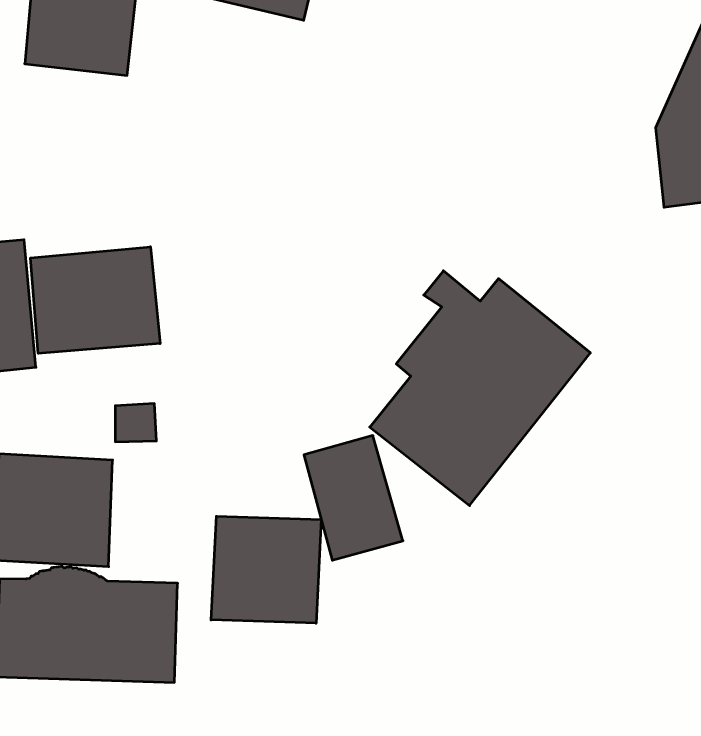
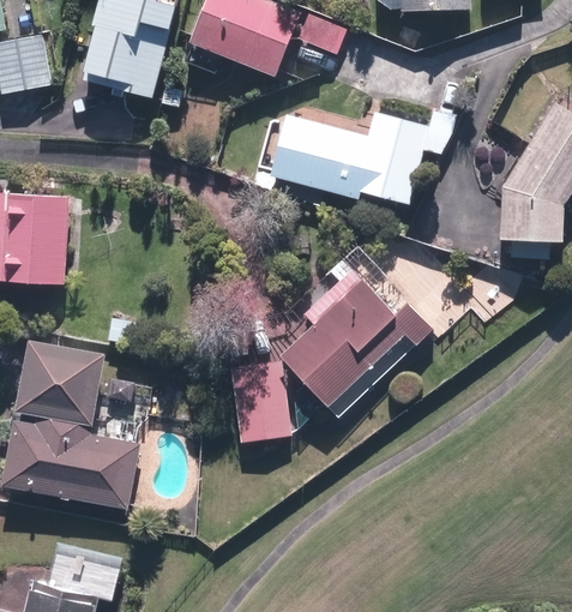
building: none -> [270,92,457,206]
building: [31,247,160,353] -> none
building: [211,516,321,623] -> none

